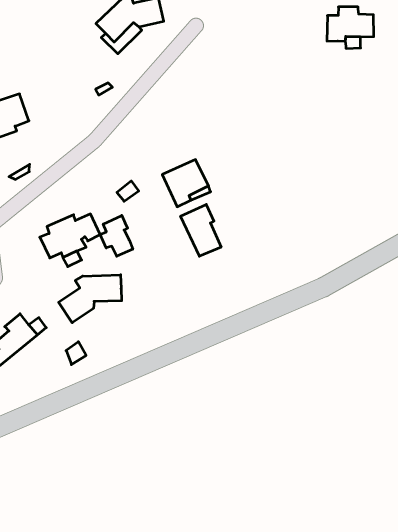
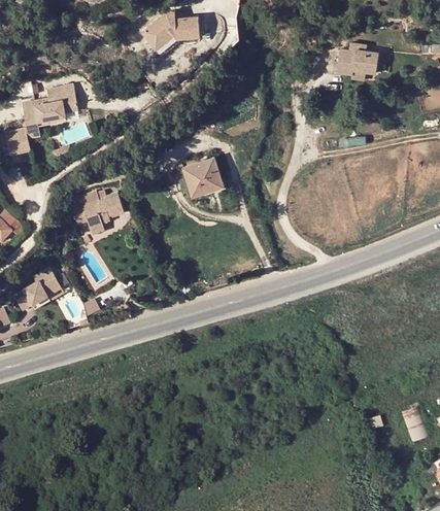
building: [181,204,221,256] -> none
building: [100,215,133,256] -> none
building: [59,275,122,323] -> none

